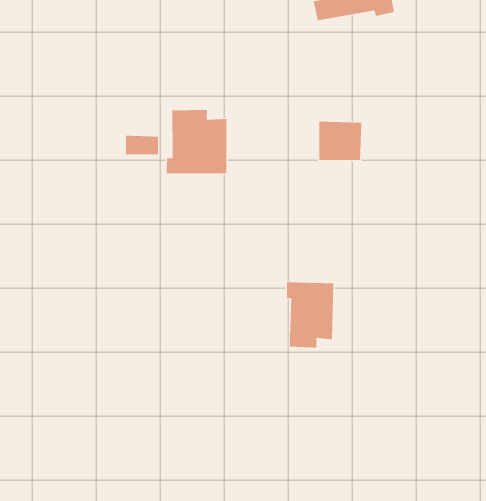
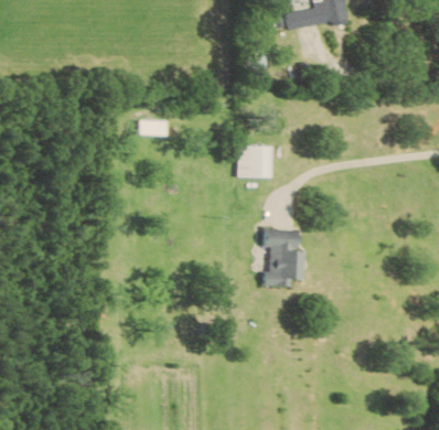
building: [166,109,227,174] -> none
building: [318,121,362,161] -> [237,144,271,175]

